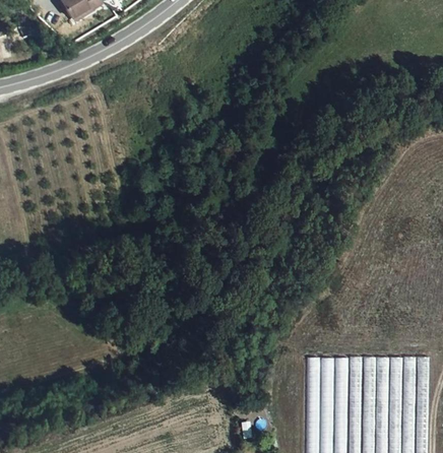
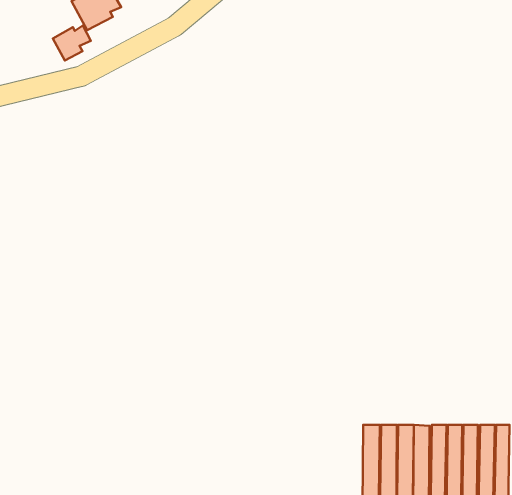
building: none -> [53,26,91,61]

